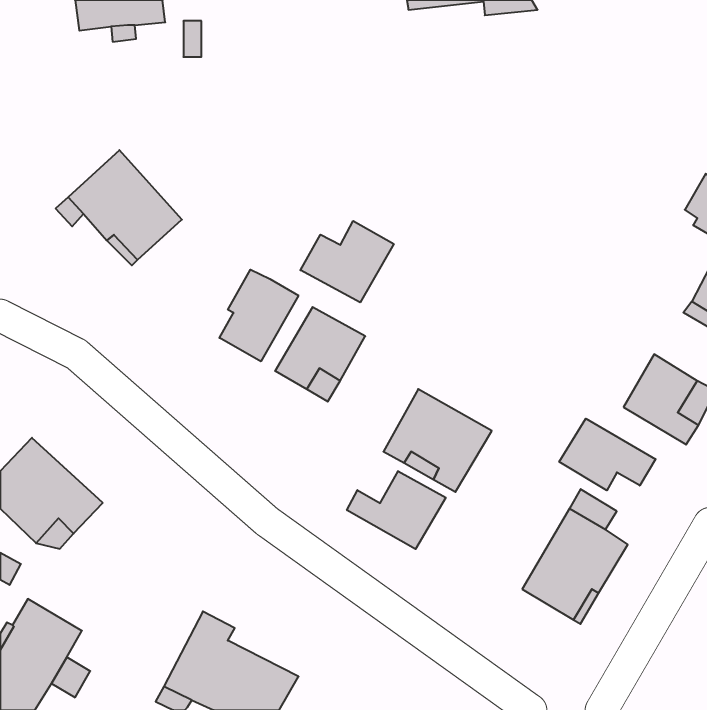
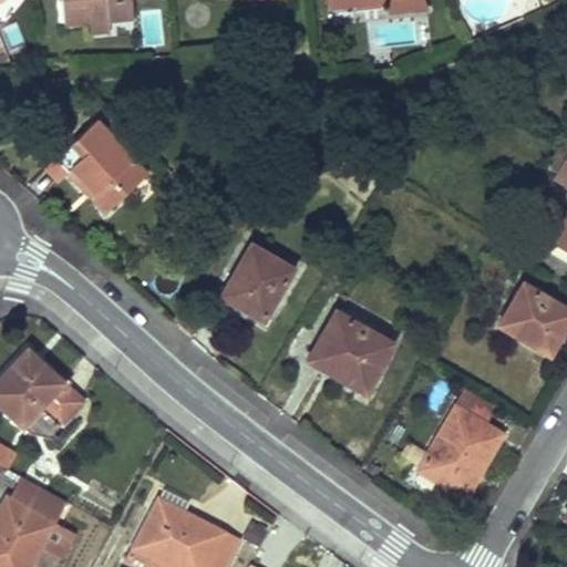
building: [300,221,394,302] -> none
building: [219,270,298,361] -> none
building: [559,419,656,490] -> none
building: [347,471,446,549] -> none

